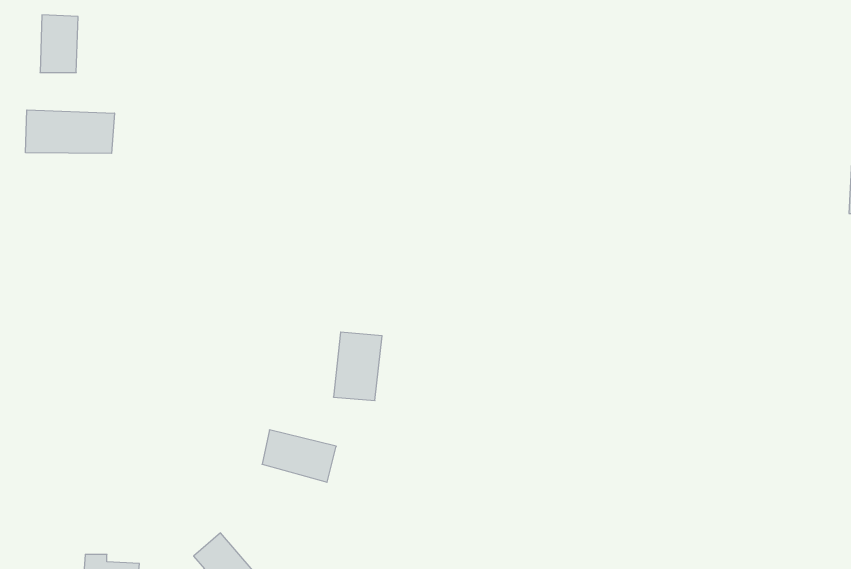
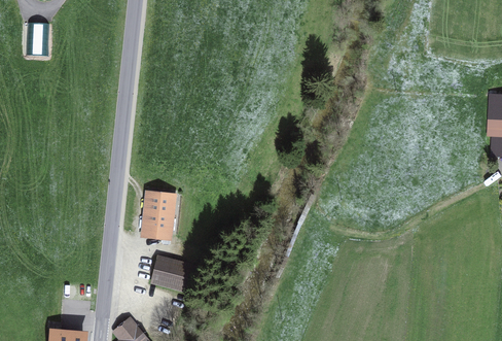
building: [26,110,114,153] -> none
building: [333,332,382,401] -> [145,194,173,233]

